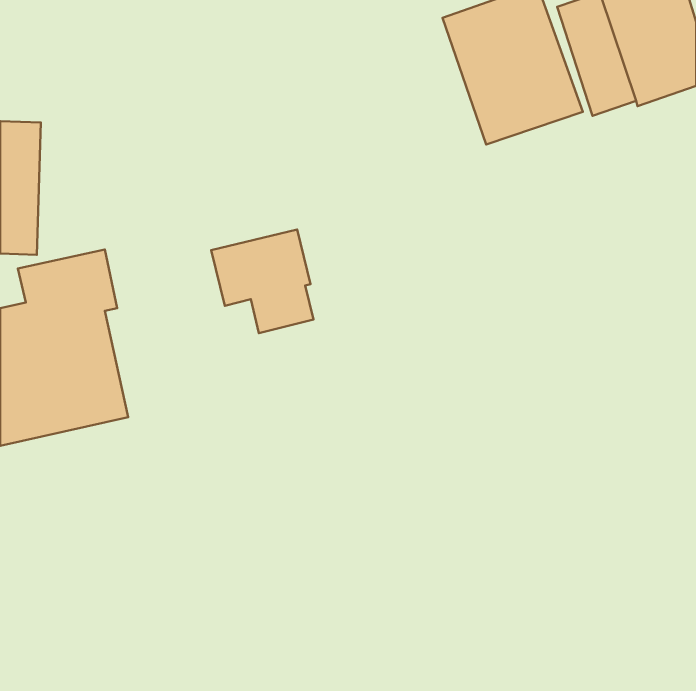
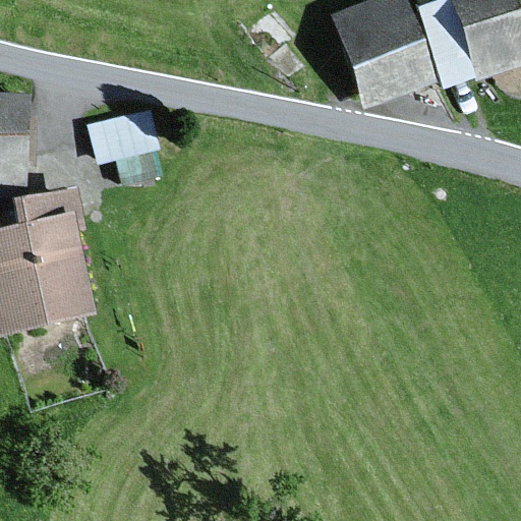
building: [211,230,313,333] -> [85,107,162,184]

